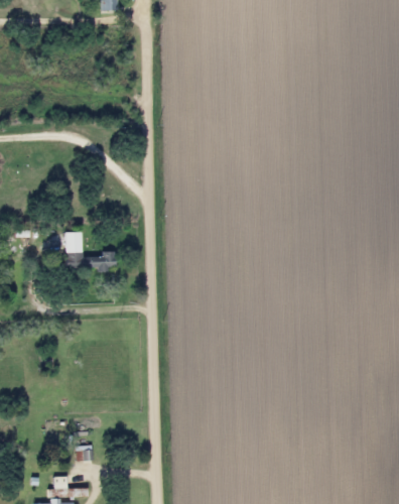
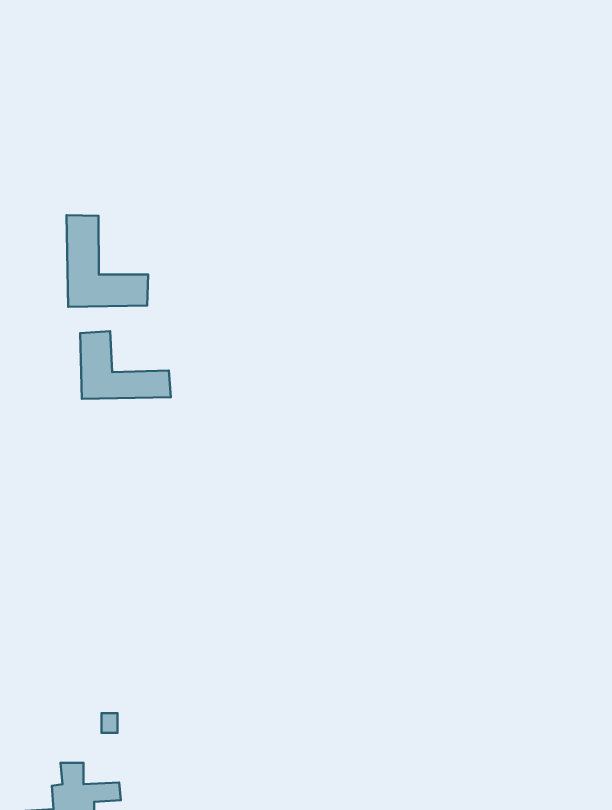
building: none -> [66,215,148,307]

